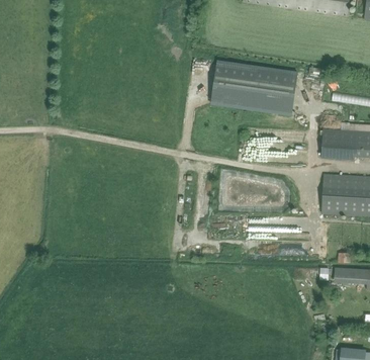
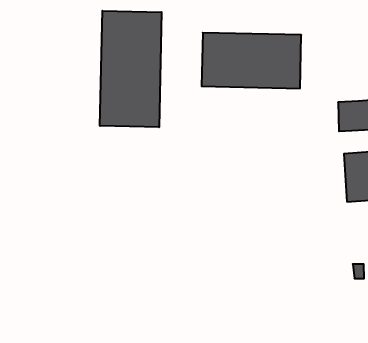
building: none -> [100,11,162,127]

